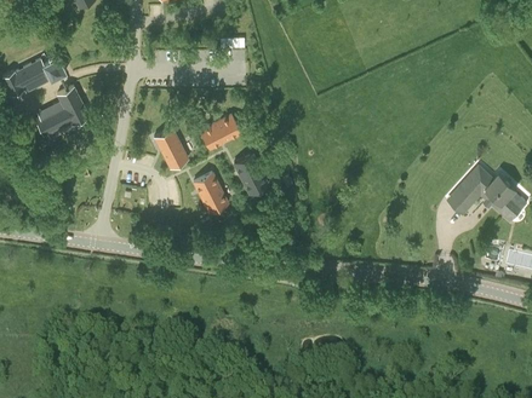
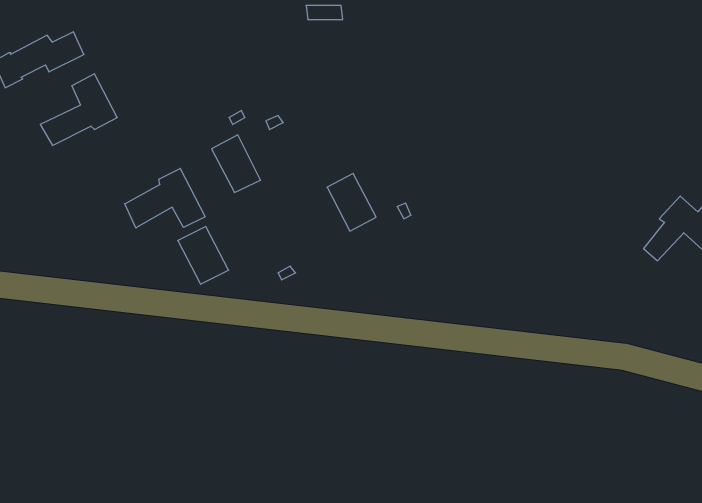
building: [200,115,240,150] -> none
building: none -> [125,168,205,228]
building: [193,173,228,213] -> [178,227,229,284]

